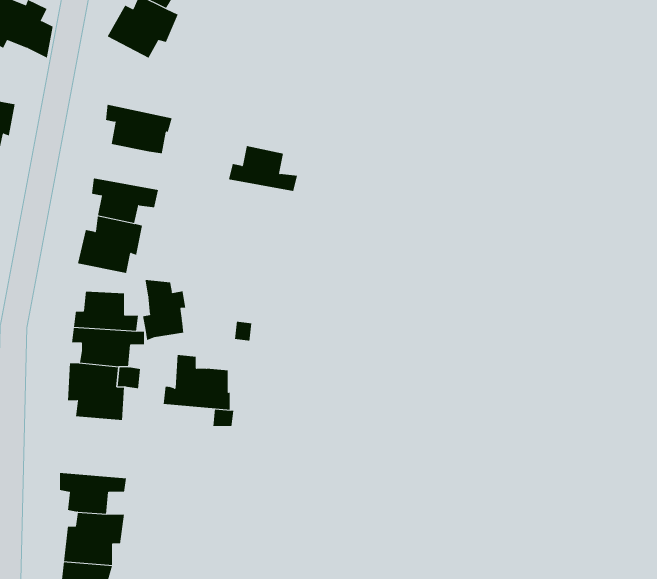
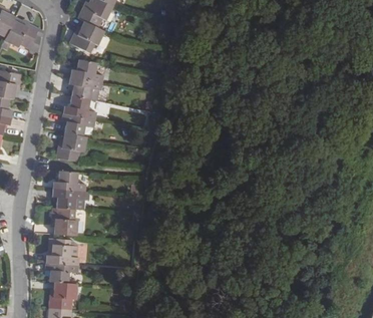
building: none -> [68,58,102,82]
building: [228,146,298,191] -> [61,95,96,118]
building: [143,279,186,341] -> none
building: [163,354,230,410] -> [44,236,78,264]

